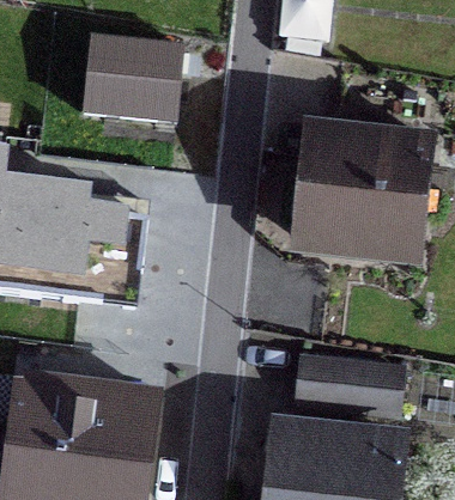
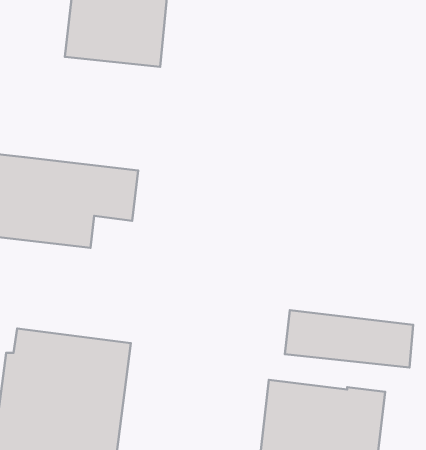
building: [303,117,424,248] -> none

